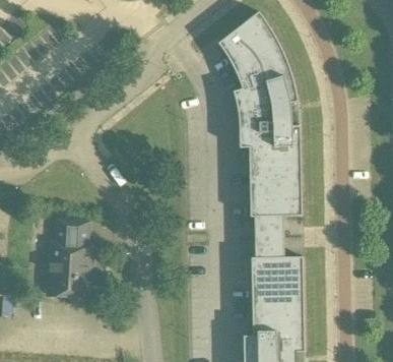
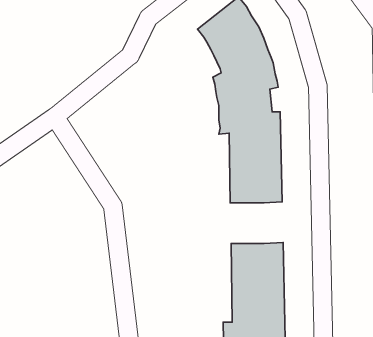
building: [254,217,283,257] -> none
building: [47,222,90,303] -> none

